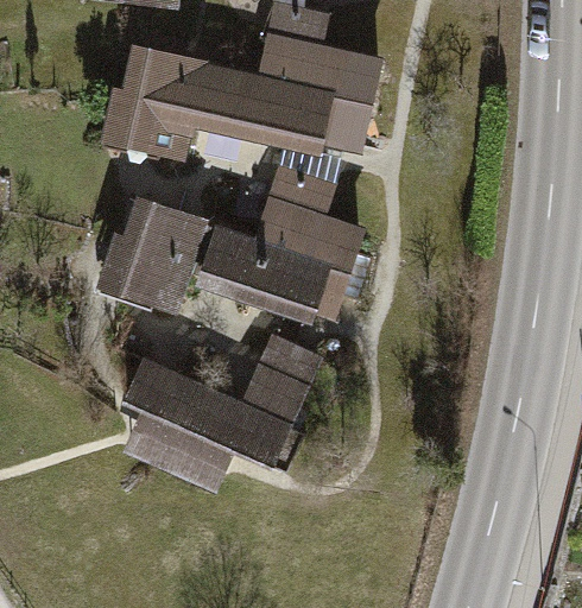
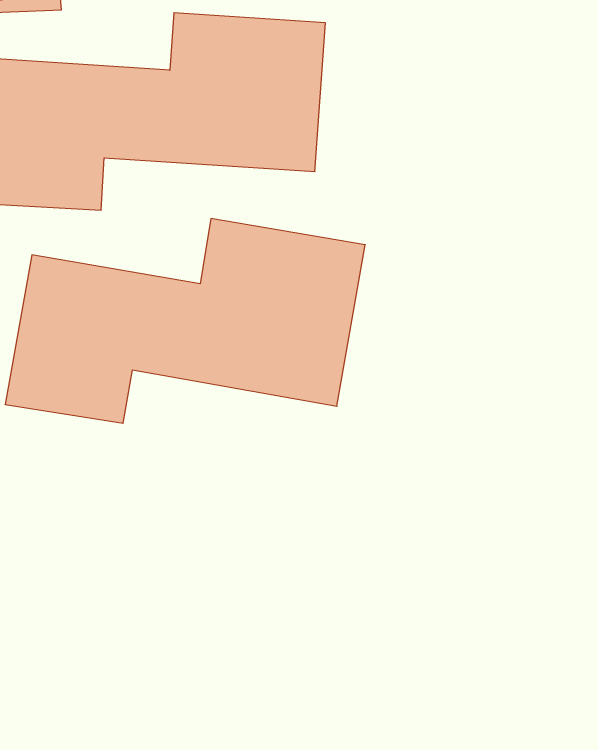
building: [112,335,324,489] -> none

